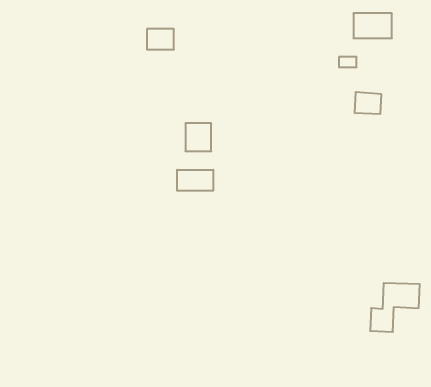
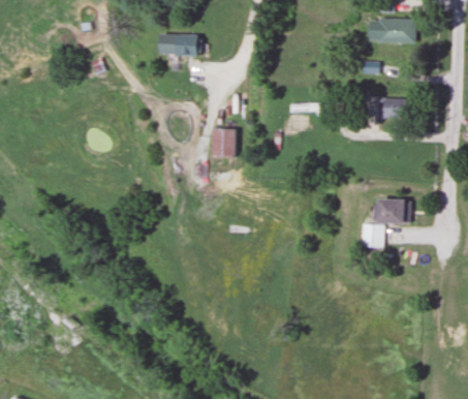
building: [177,170,213,191] -> none
building: [370,283,420,332] -> [358,198,408,247]

